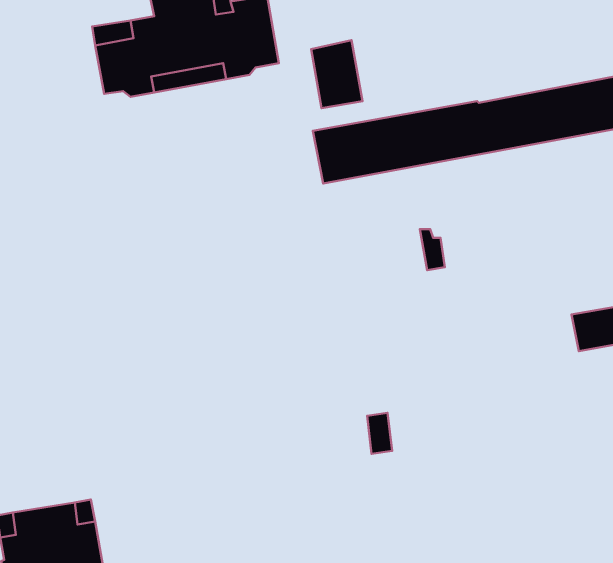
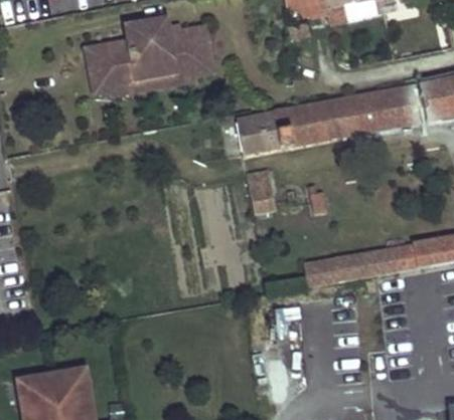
building: [311,40,363,108] -> none
building: none -> [246,169,275,211]
building: none -> [304,243,418,286]

